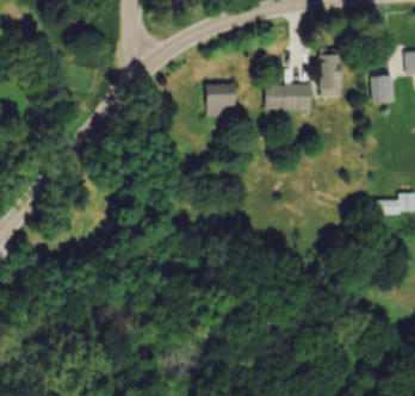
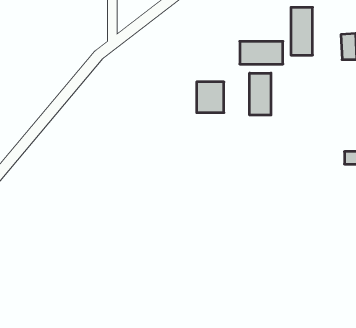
building: [206,83,235,116] -> [197,82,224,113]
building: none -> [250,73,271,115]

